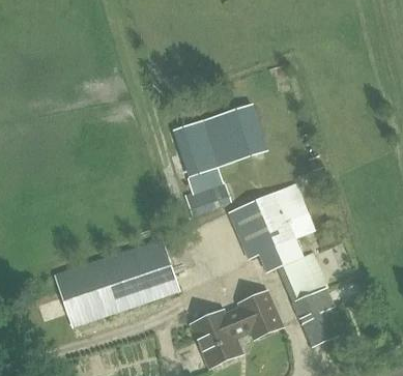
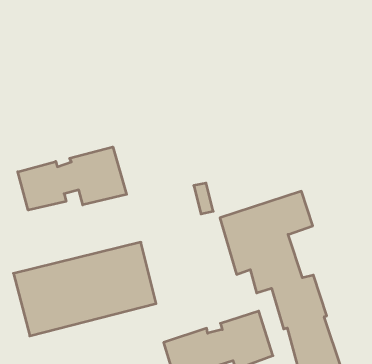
building: [178,103,274,176] -> none
building: none -> [18,147,127,210]

